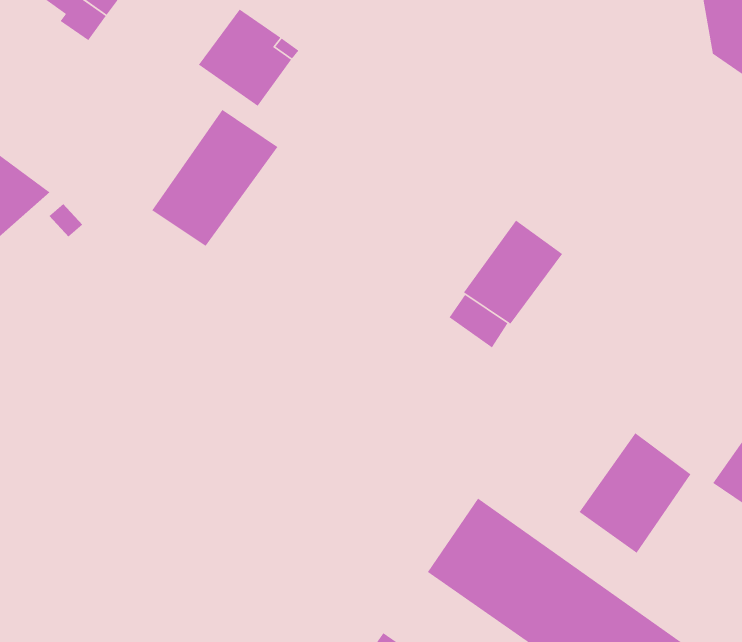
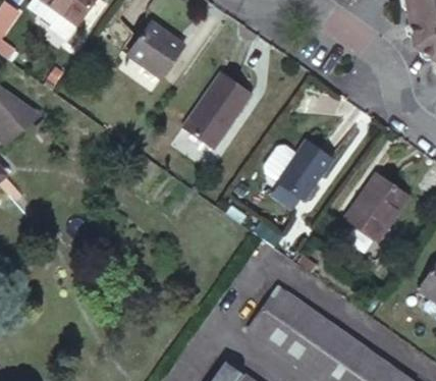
building: [151,109,279,247] -> [181,68,253,146]
building: [579,432,691,554] -> [344,170,407,238]

